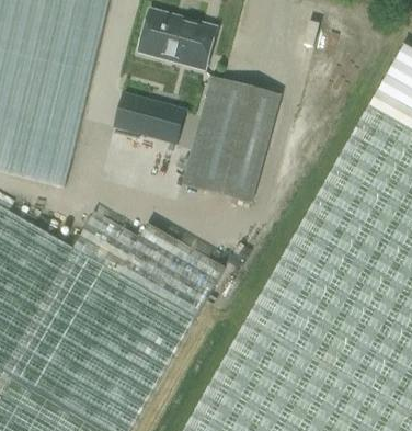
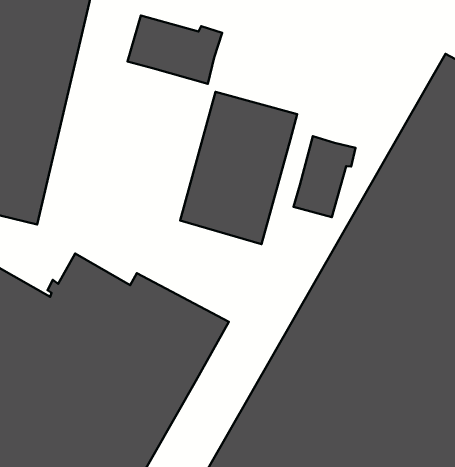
building: [113,93,185,143] -> none
building: none -> [294,136,356,217]

